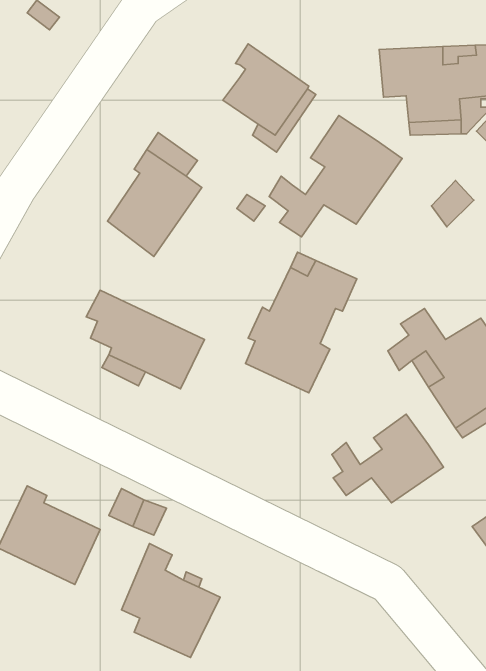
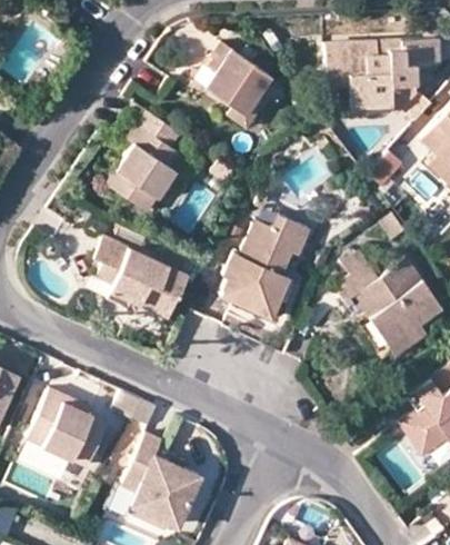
building: [269,115,402,237] -> none
building: [332,414,444,503] -> none

